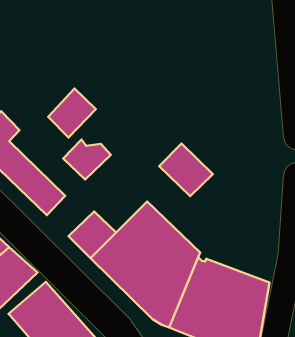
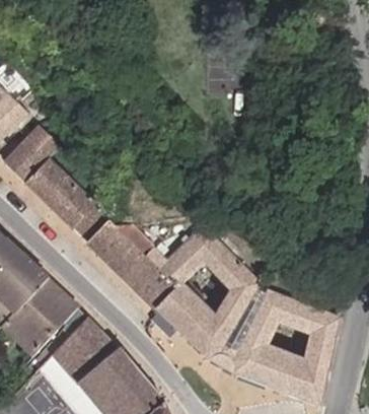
building: [48,89,96,138] -> none
building: [63,139,111,180] -> [91,222,144,267]
building: [159,143,213,196] -> none

